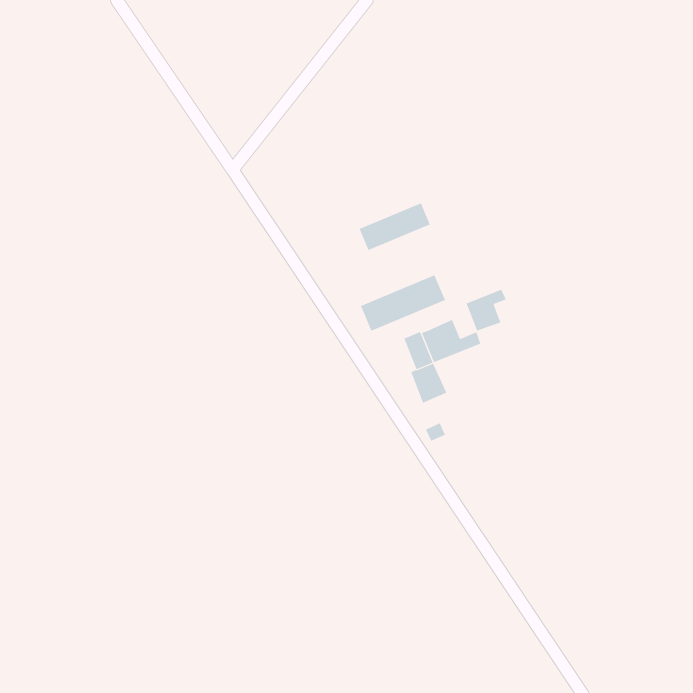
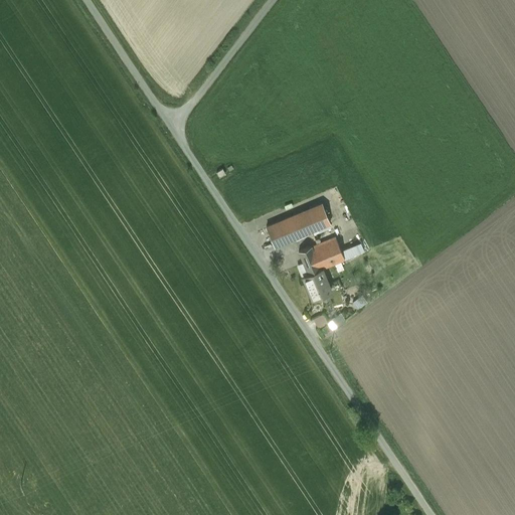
building: [359,202,430,251] -> none
building: [466,289,507,332] -> none

